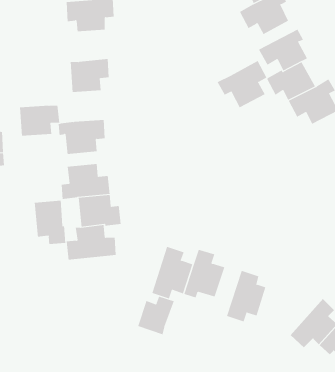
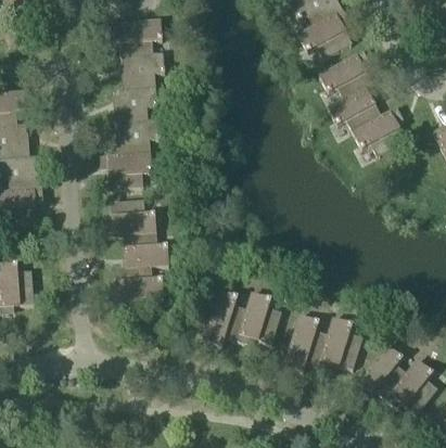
building: none -> [120,51,164,87]
building: [217,60,267,108] -> none
building: [19,105,60,136] -> [115,118,160,152]
building: [34,200,66,245] -> none
building: none -> [317,318,362,368]
building: [137,296,175,335] -> none

